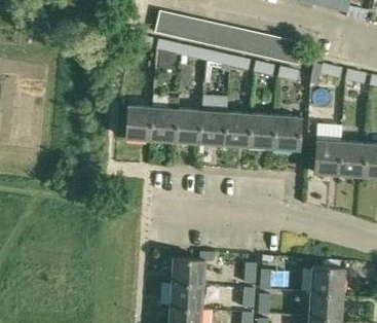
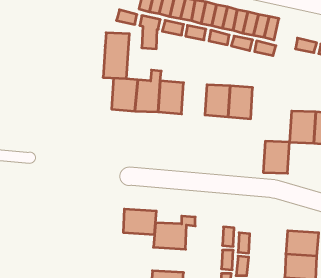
building: [200,97,228,145] -> [103,33,129,78]
building: [273,116,301,150] -> [263,141,290,173]
building: [169,285,204,312] -> [123,209,156,234]

